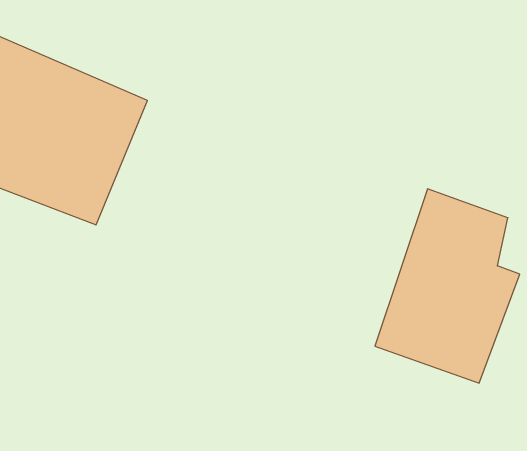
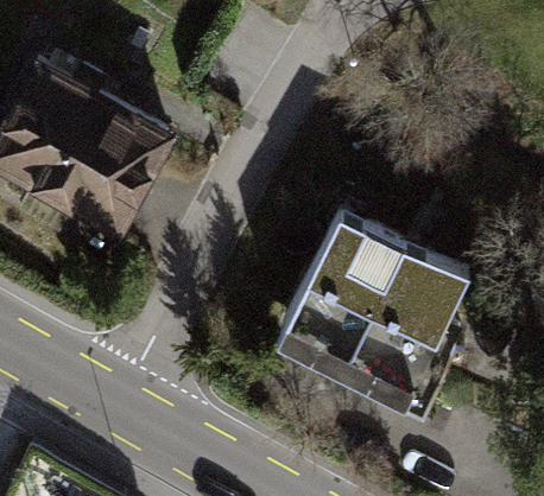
building: none -> [273,212,403,369]

